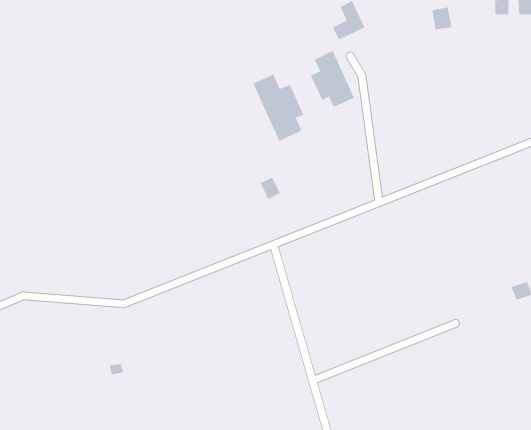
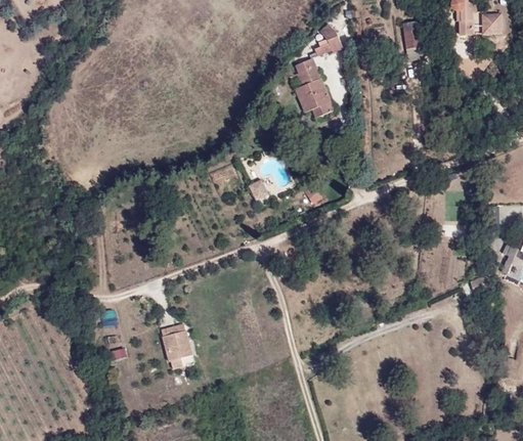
building: [252,74,304,142] -> none
building: none -> [160,322,190,360]

